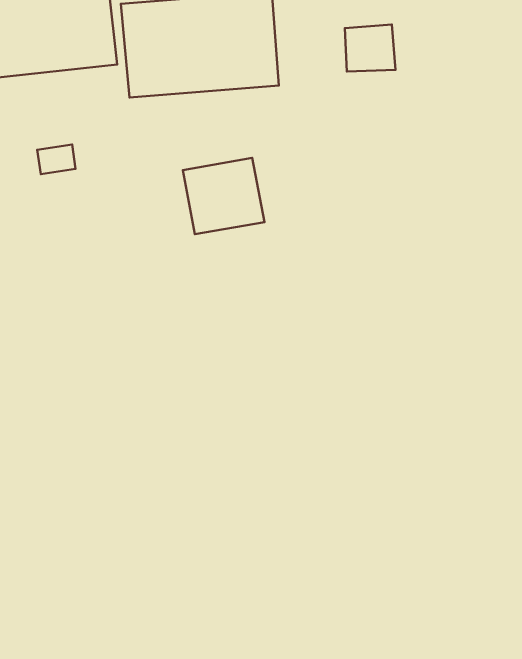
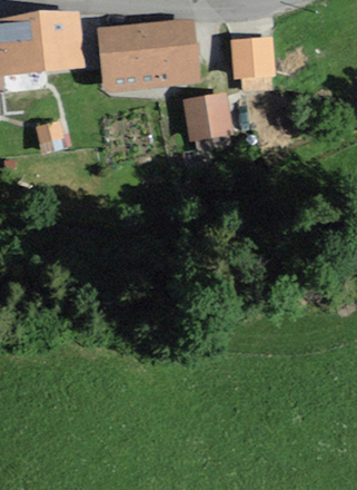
building: [183,158,264,234] -> [187,91,239,140]

